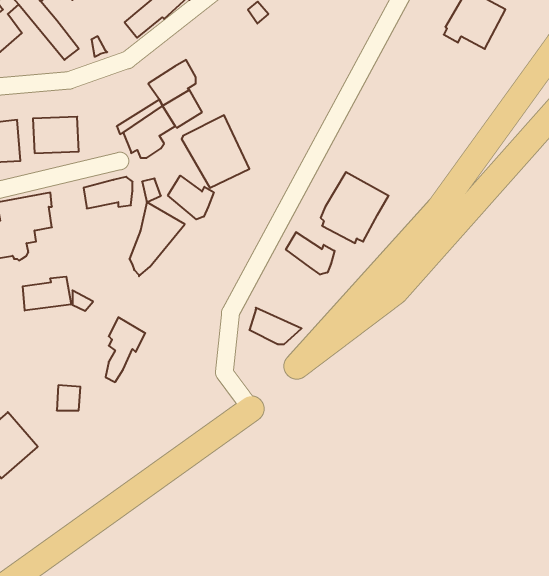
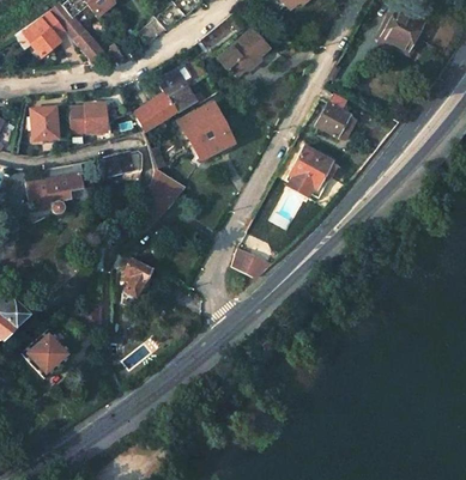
building: none -> [220,24,272,77]
building: none -> [316,92,356,136]
building: [168,176,214,219] -> none
building: [286,232,335,275] -> none
building: [23,277,71,311] -> none

